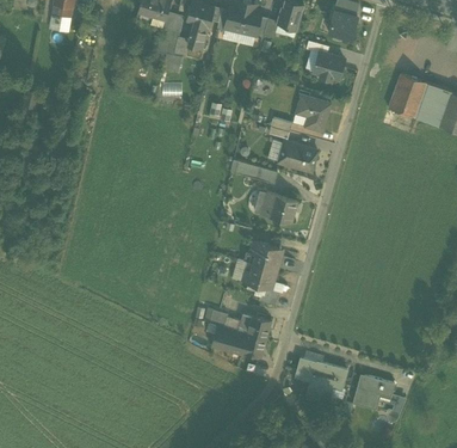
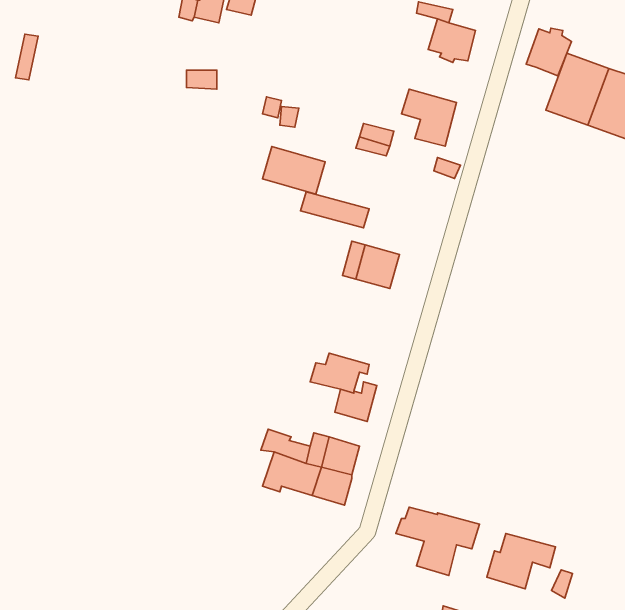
building: none -> [526,28,572,76]
building: [278,141,317,171] -> [262,147,325,194]
building: [247,239,279,269] -> none

